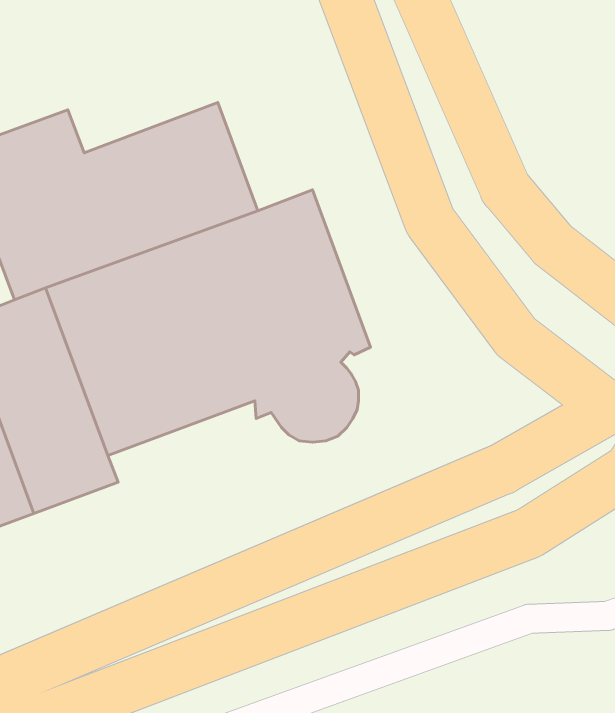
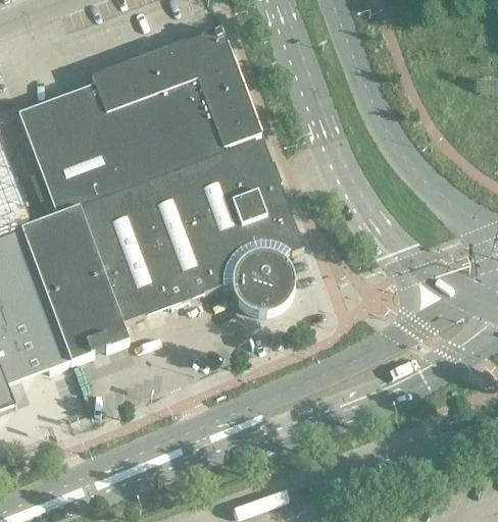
building: none -> [92,27,262,152]

